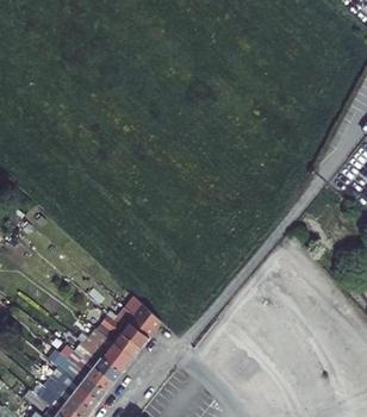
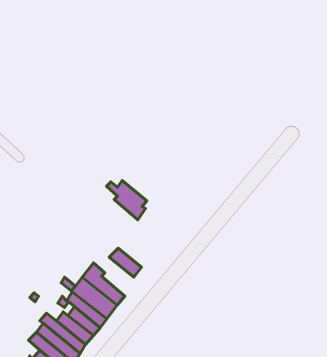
building: [106,309,149,350] -> [106,181,147,220]

